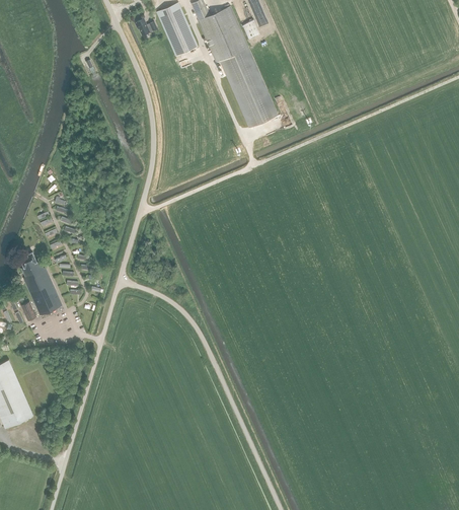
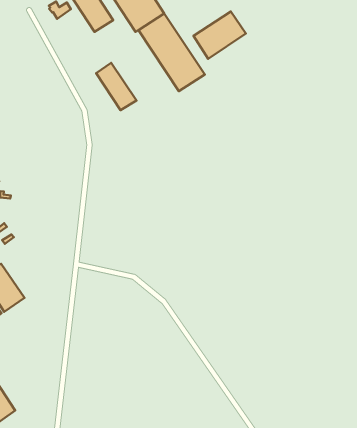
building: none -> [193,12,246,59]
building: none -> [96,63,136,110]

